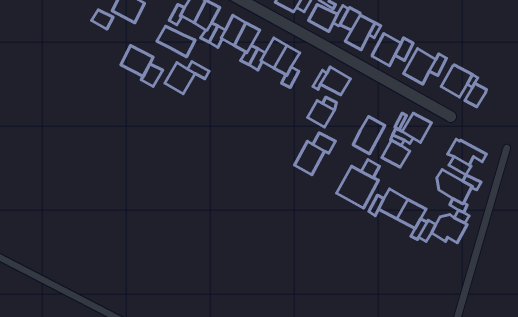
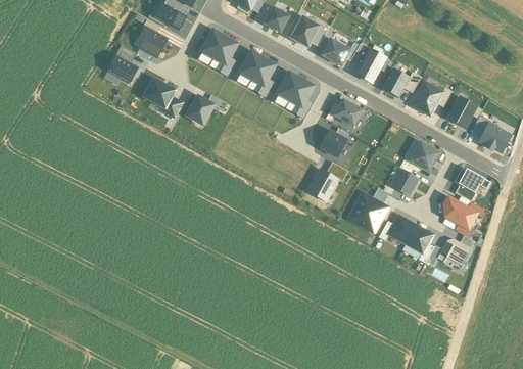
building: none -> [108,55,139,83]
building: [157,26,195,57] -> none
building: none -> [479,124,511,152]
building: [353,116,385,154] -> none

